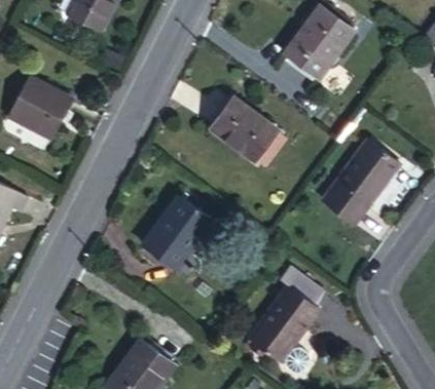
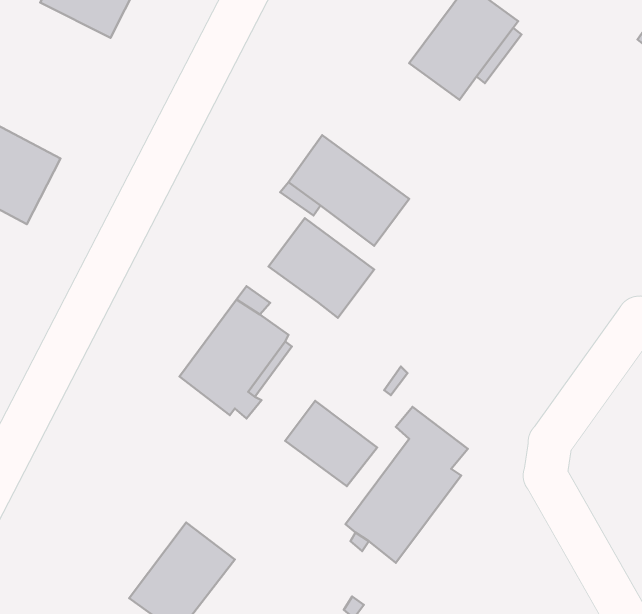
building: [328,138,403,220] -> none
building: none -> [269,218,374,318]
building: none -> [285,401,377,486]

